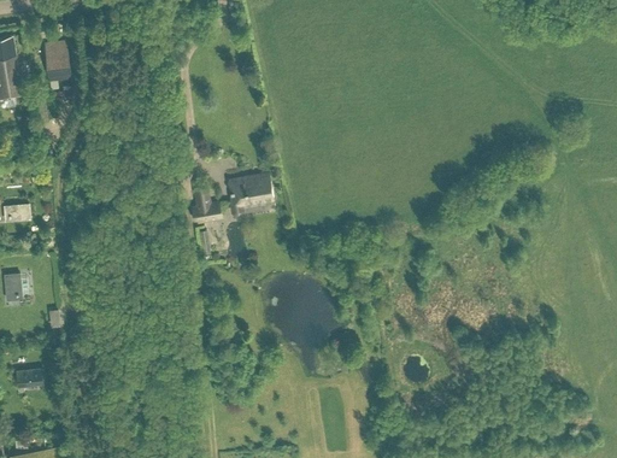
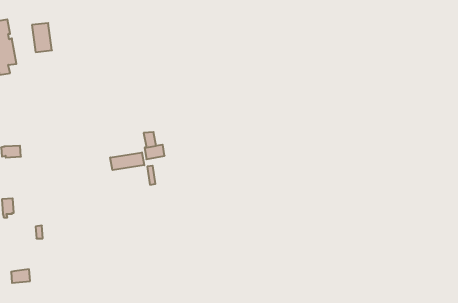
building: [227,172,271,205] -> none
building: none -> [110,152,144,170]

